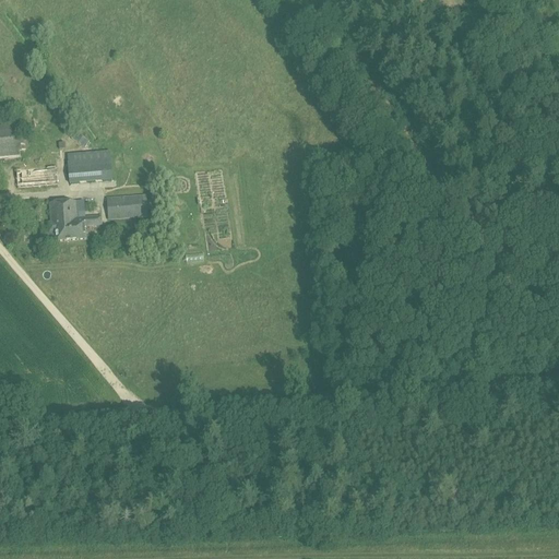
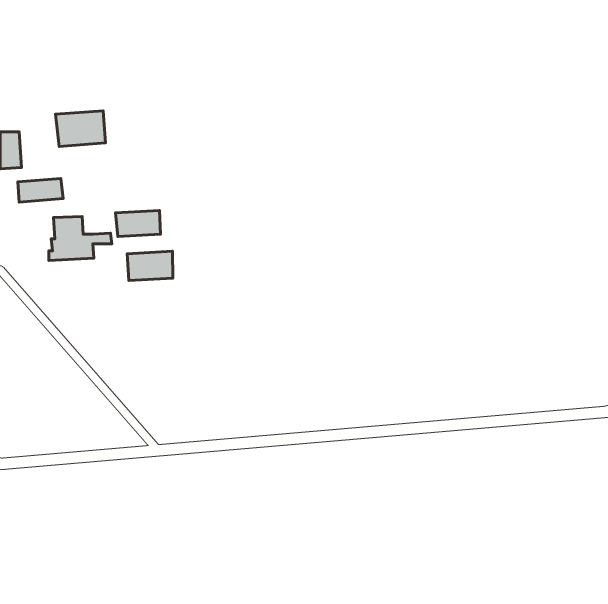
building: [67,148,112,181] -> [56,111,106,146]
building: none -> [127,251,173,280]

